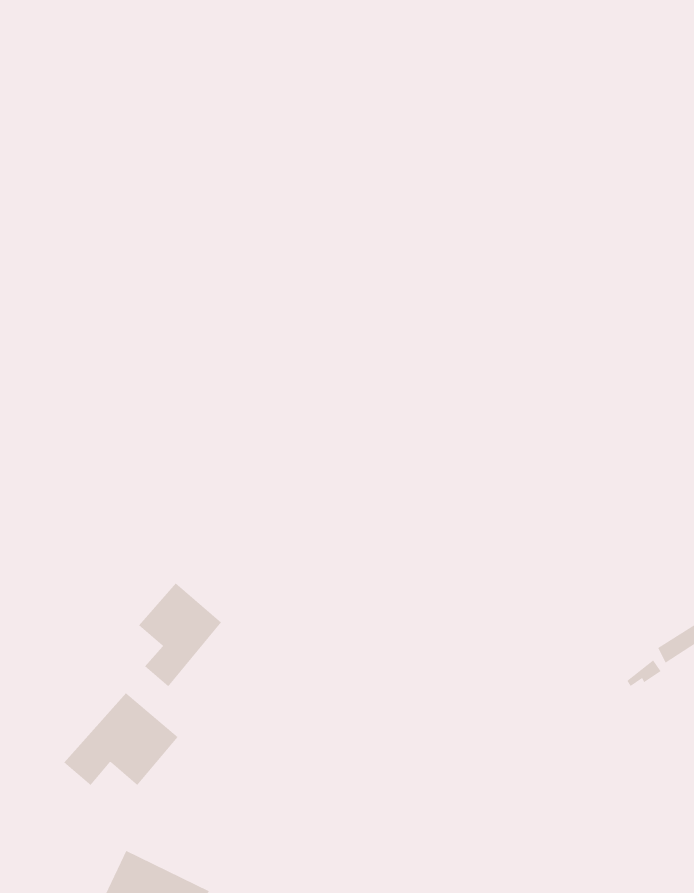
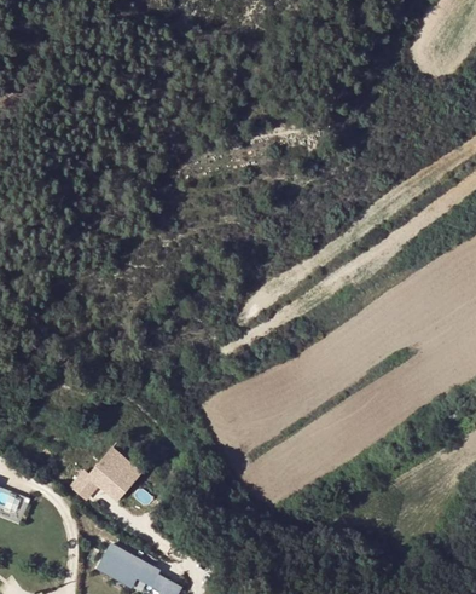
building: [138,582,222,687] -> none

